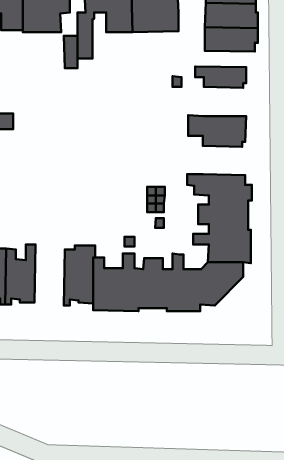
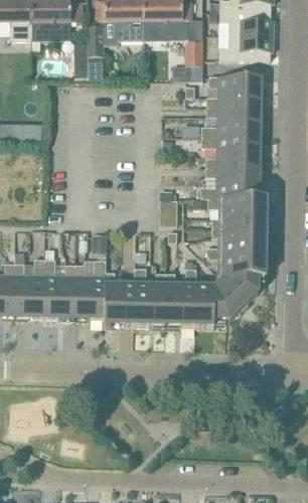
building: none -> [184,40,202,79]
building: none -> [206,96,263,126]
building: none -> [205,156,263,186]
building: none -> [43,258,74,320]

